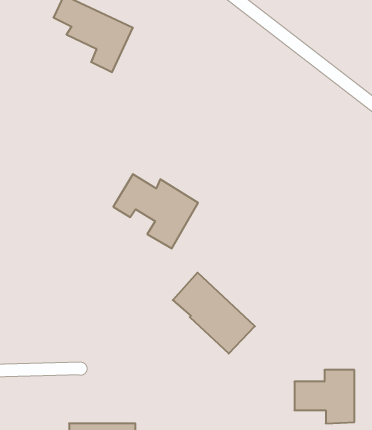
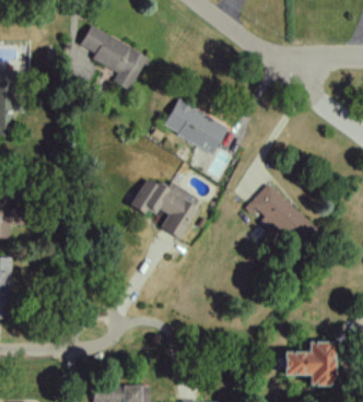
building: none -> [163,99,229,154]
building: [173,273,255,354] -> [248,182,317,250]

